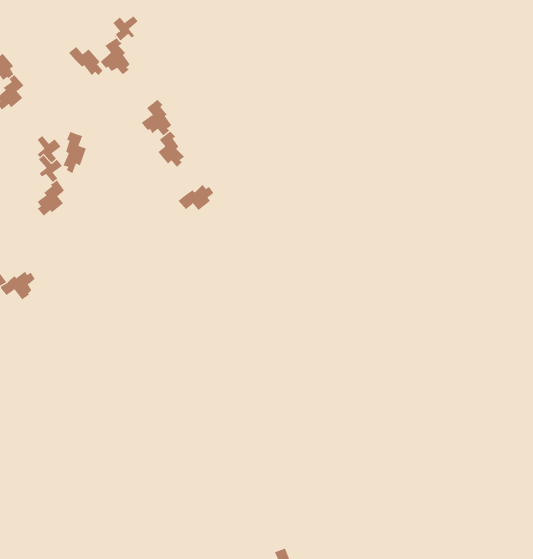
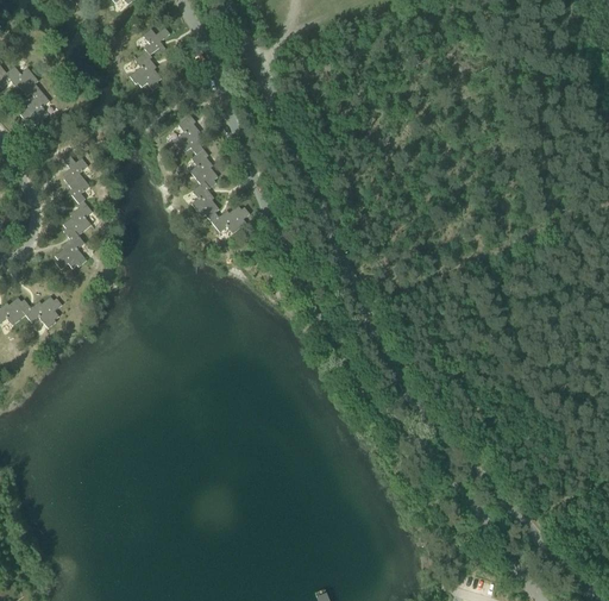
building: [68,46,103,76] -> none
building: [63,131,87,174] -> none
building: none -> [190,181,219,223]
building: none -> [54,233,86,269]

